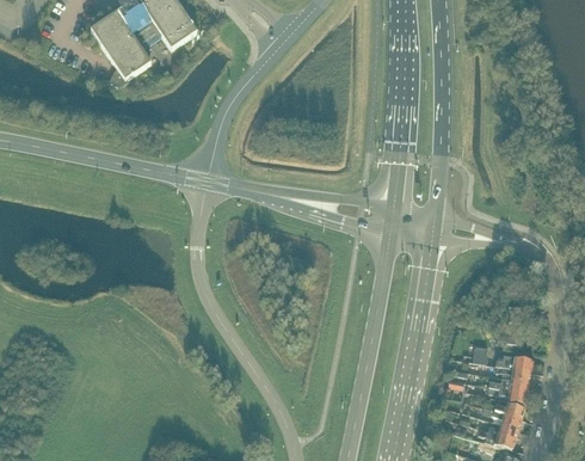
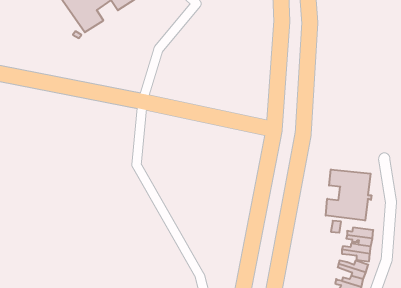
building: none -> [326,169,371,221]

